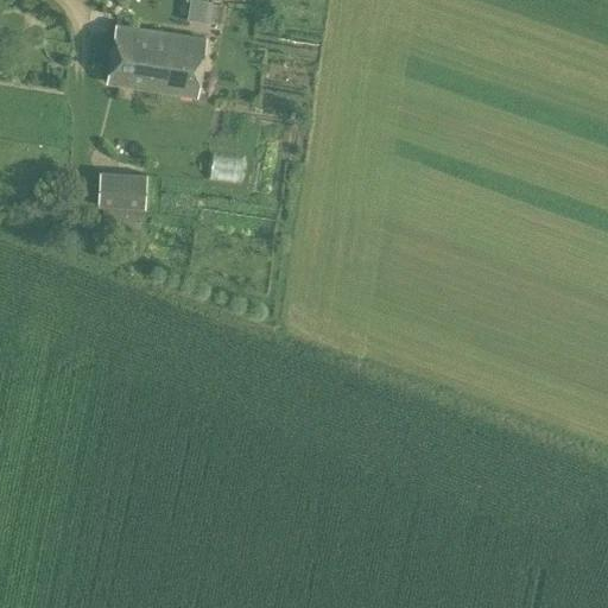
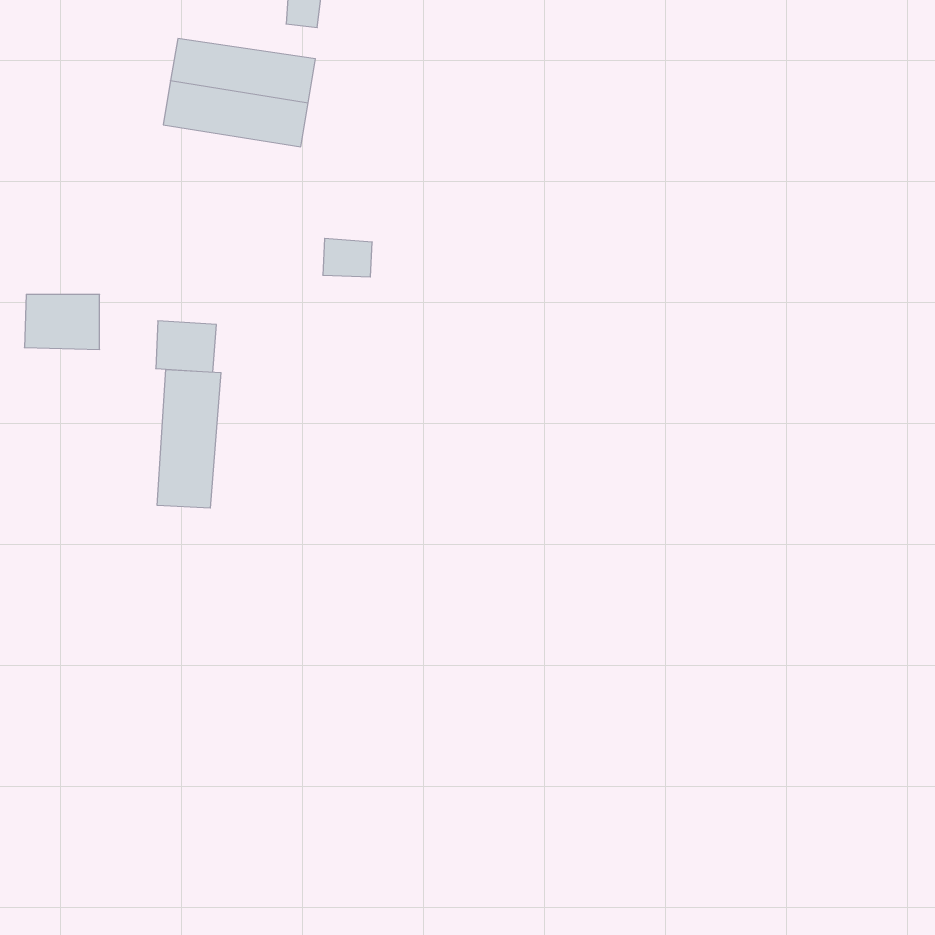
building: [96,169,145,204] -> [24,294,100,349]
building: none -> [157,369,221,508]

